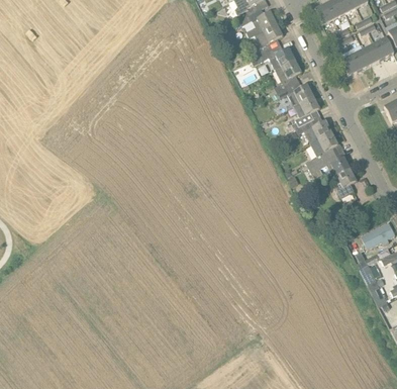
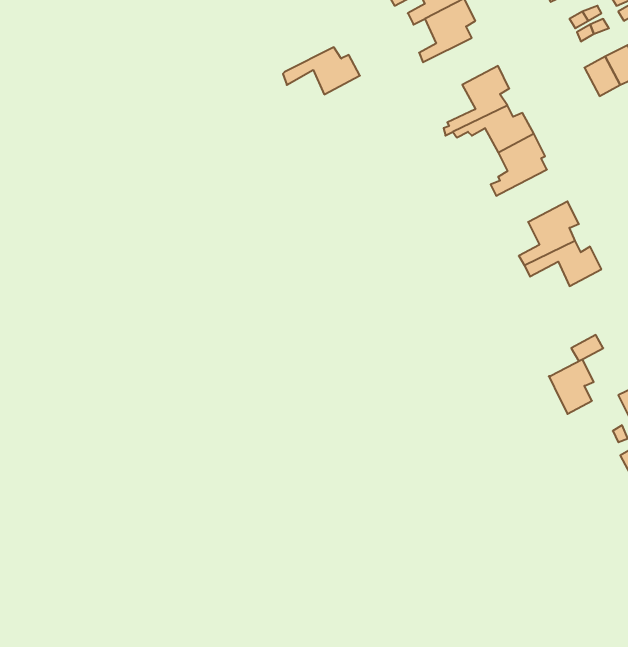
building: [253,43,294,69] -> [283,47,360,94]
building: [295,114,331,142] -> none
building: [331,168,356,197] -> [549,359,594,414]

